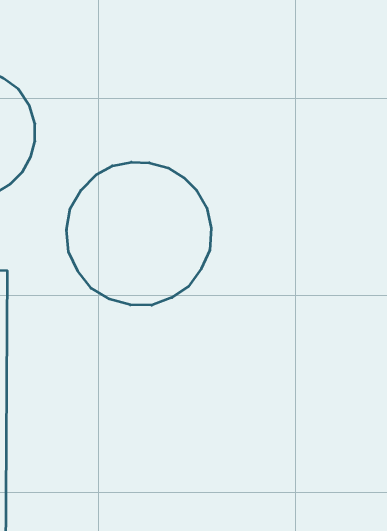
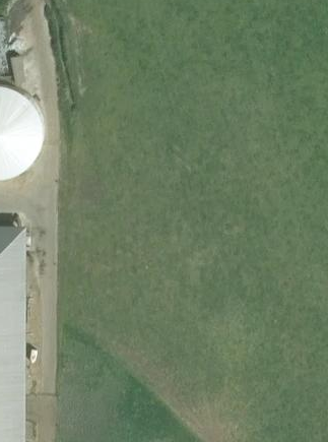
building: [67,162,211,305] -> none

